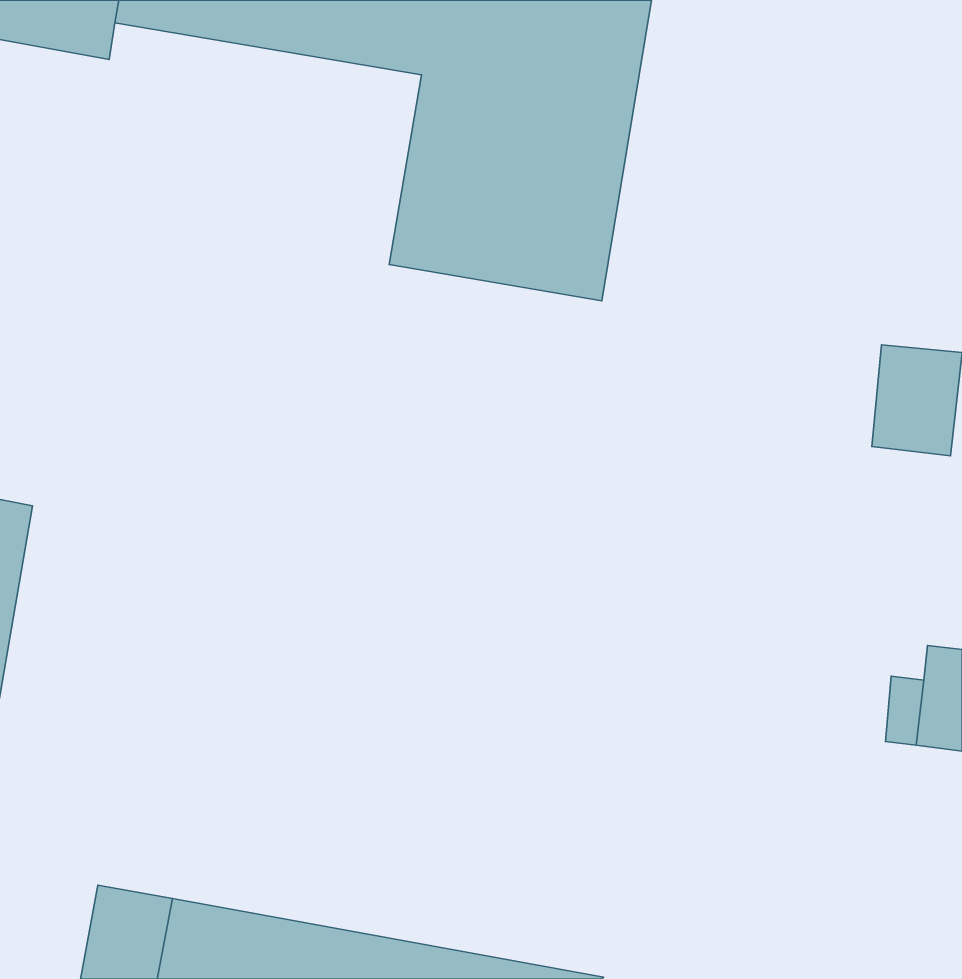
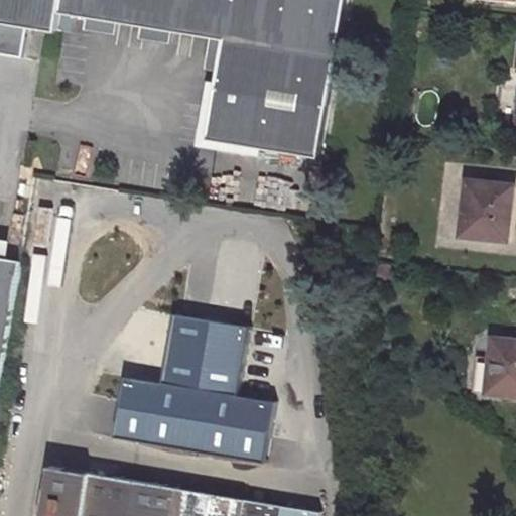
building: none -> [114,317,272,467]

